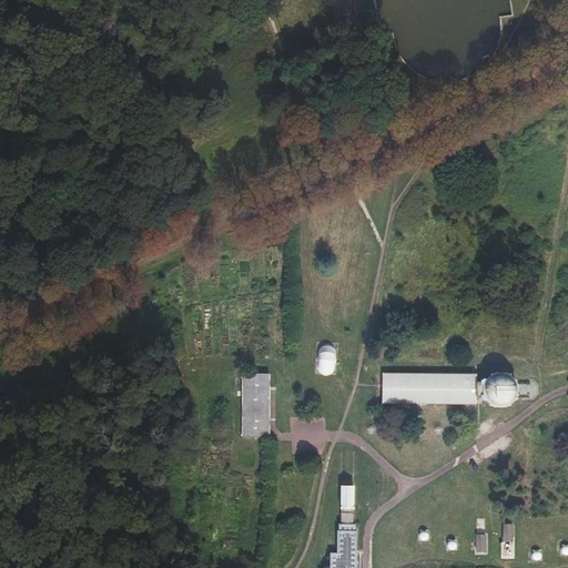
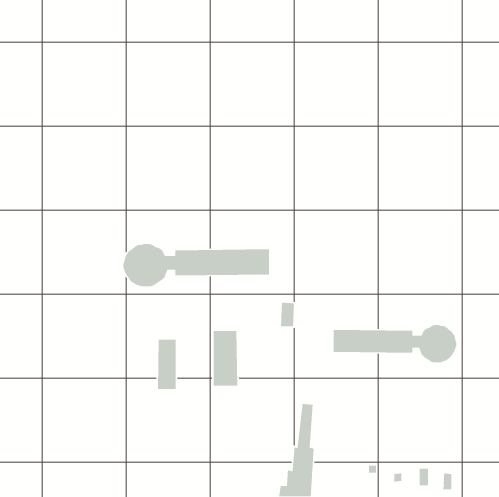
building: none -> [122,243,270,287]
building: none -> [157,339,177,390]

